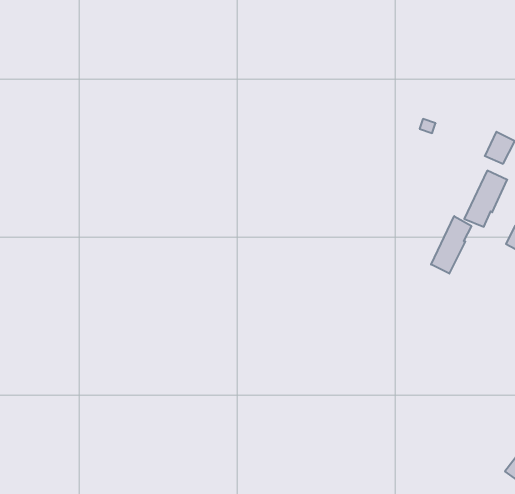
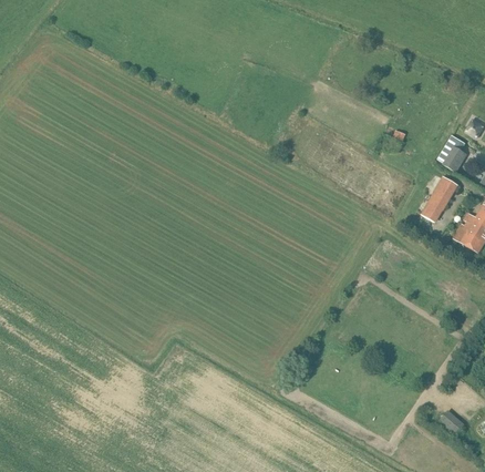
building: [431,216,471,274] -> none

